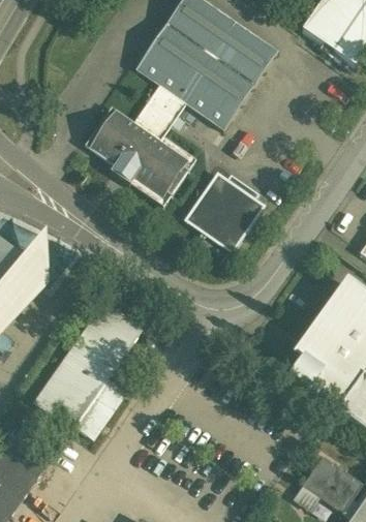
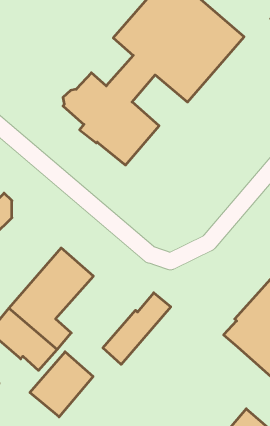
building: [184,171,266,252] -> none
building: none -> [103,293,171,364]
building: none -> [30,352,93,417]

